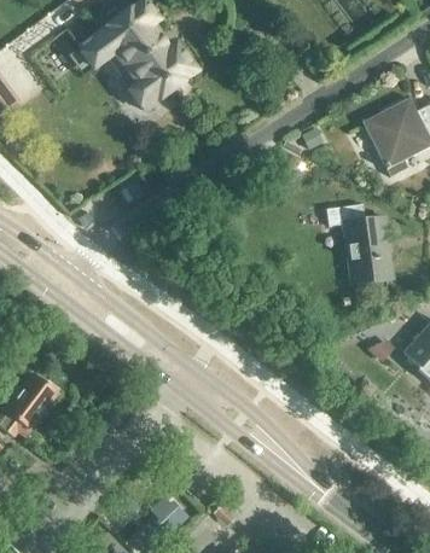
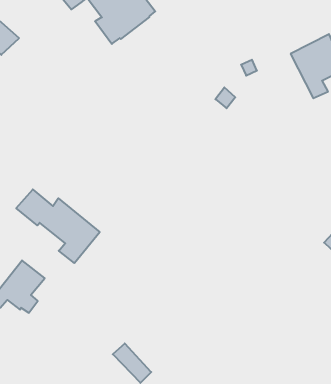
building: [325,203,393,284] -> none
building: none -> [16,189,100,263]

